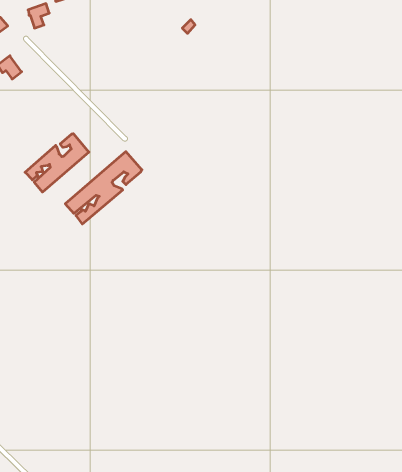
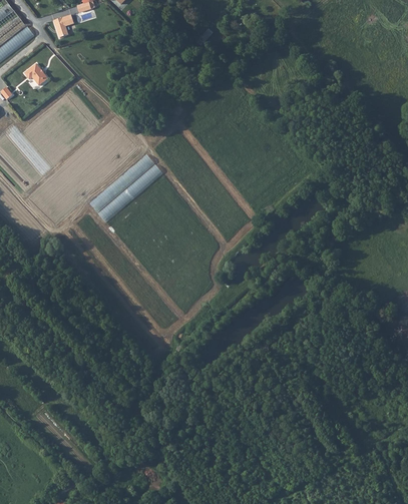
building: [25,134,89,192] -> none

